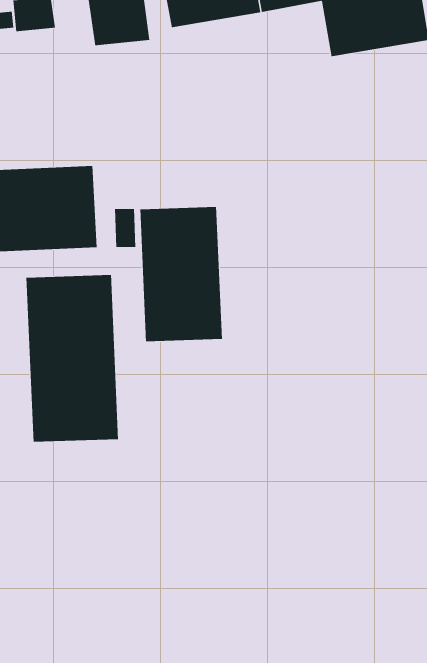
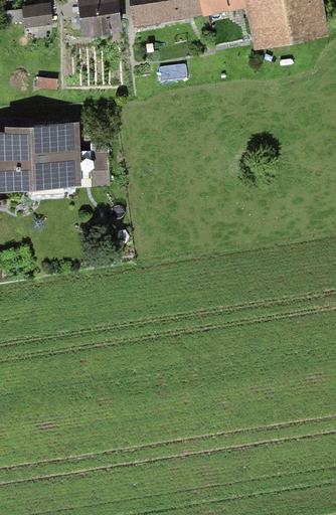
building: [140,206,222,342] -> none
building: [26,274,119,443] -> none

